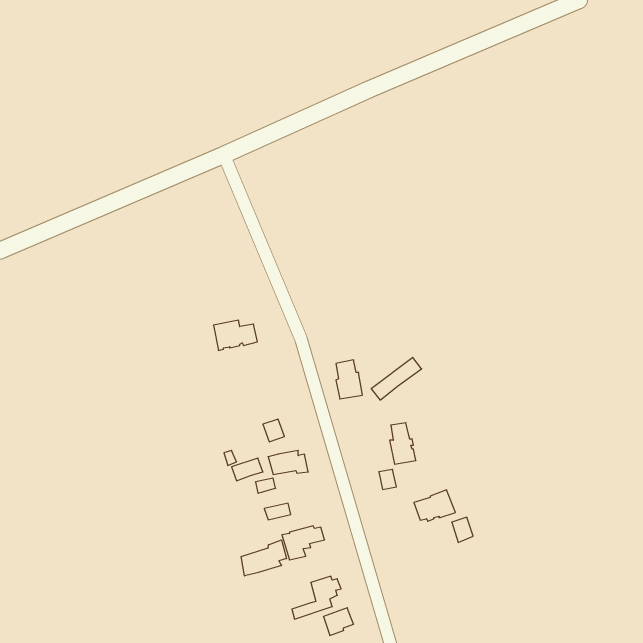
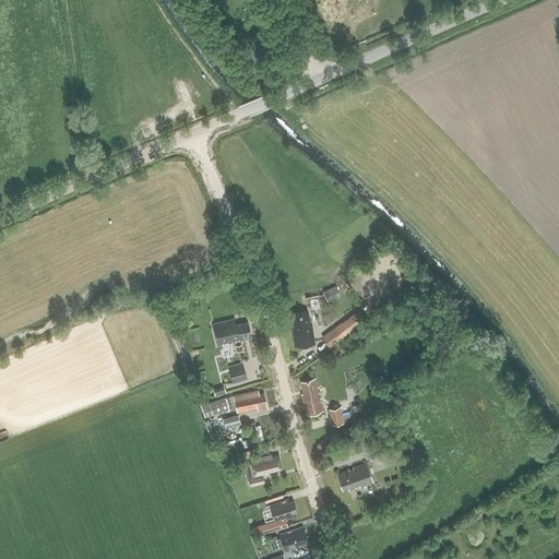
building: [213,320,257,350] -> [213,320,251,346]
building: [390,423,416,464] -> [300,379,323,415]
building: [414,490,455,521] -> [337,463,373,490]
building: [241,540,287,576] -> none

